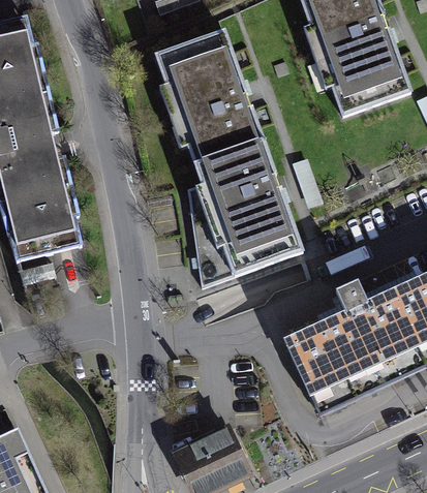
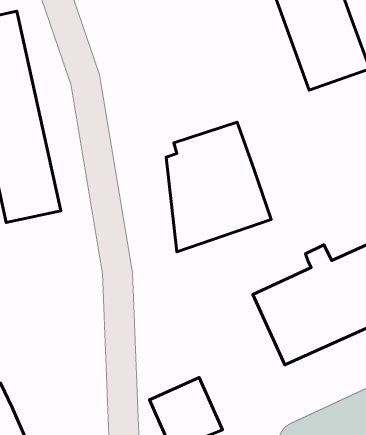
building: [159,30,267,172] -> none

